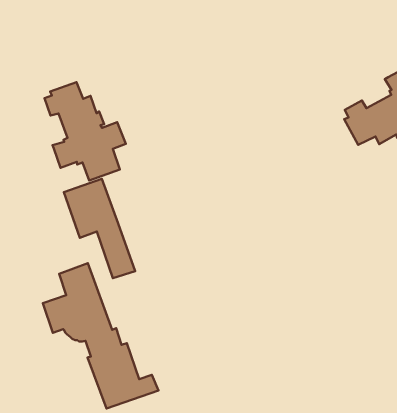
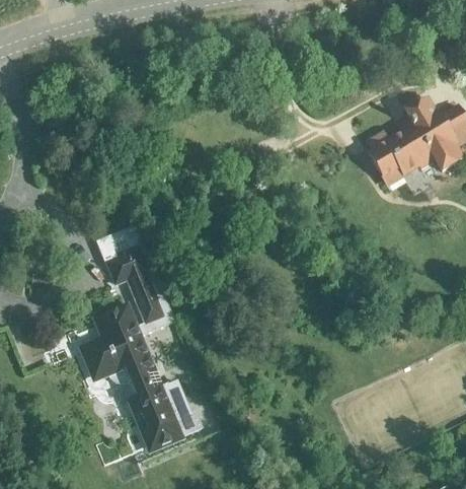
building: [44,82,126,180] -> none

